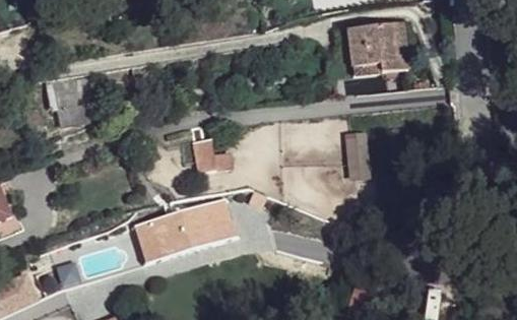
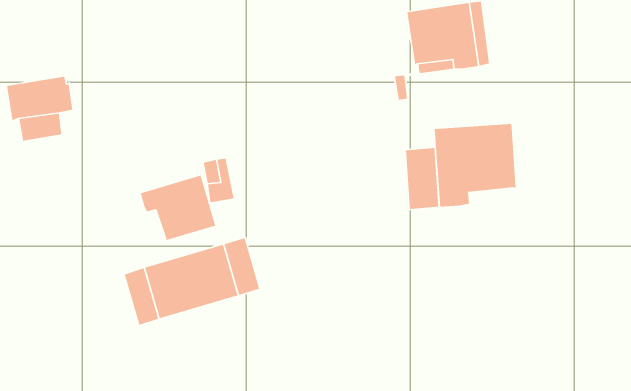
building: none -> [434,123,516,207]
building: none -> [140,175,216,241]

